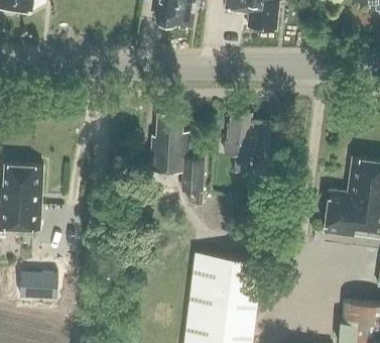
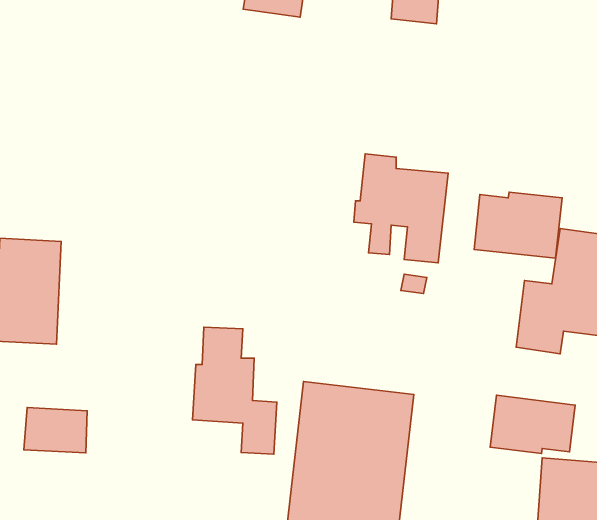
building: [150,114,203,193] -> [192,327,277,454]
building: none -> [474,192,562,258]
building: none -> [490,395,575,453]

